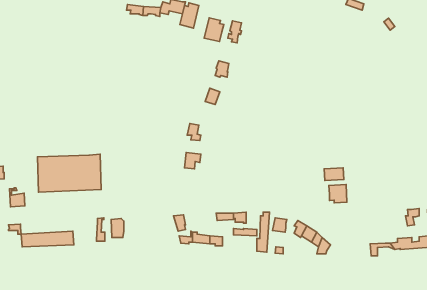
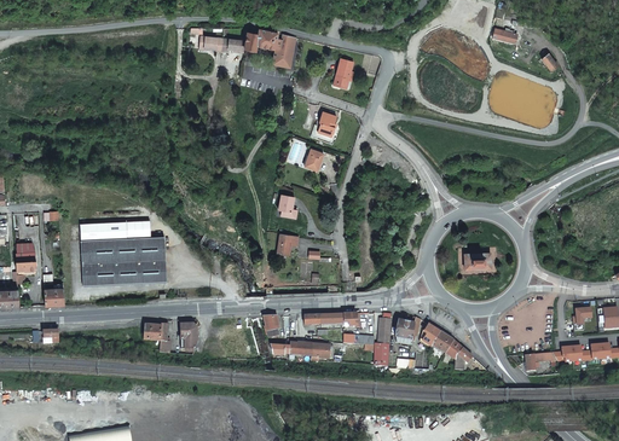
building: [204,18,224,42] -> none
building: [329,184,347,203] -> none
building: [21,231,74,247] -> [80,219,150,239]

